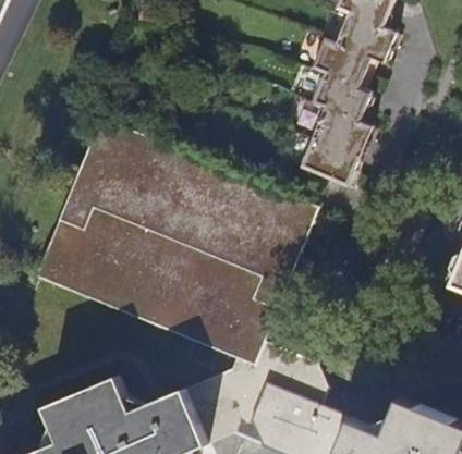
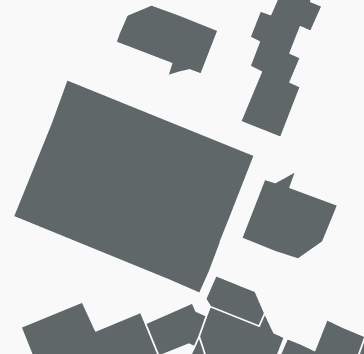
building: none -> [116,5,218,76]
building: none -> [241,171,338,259]

